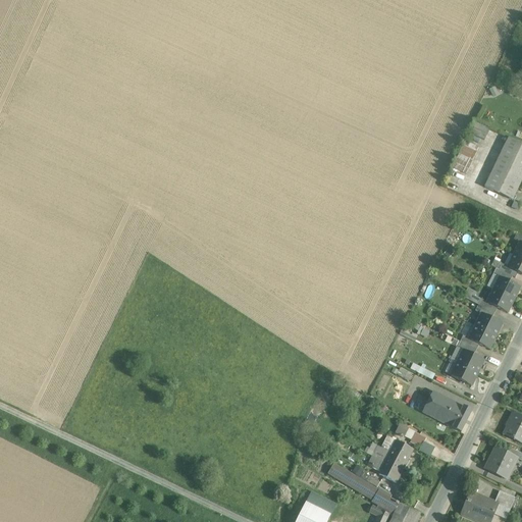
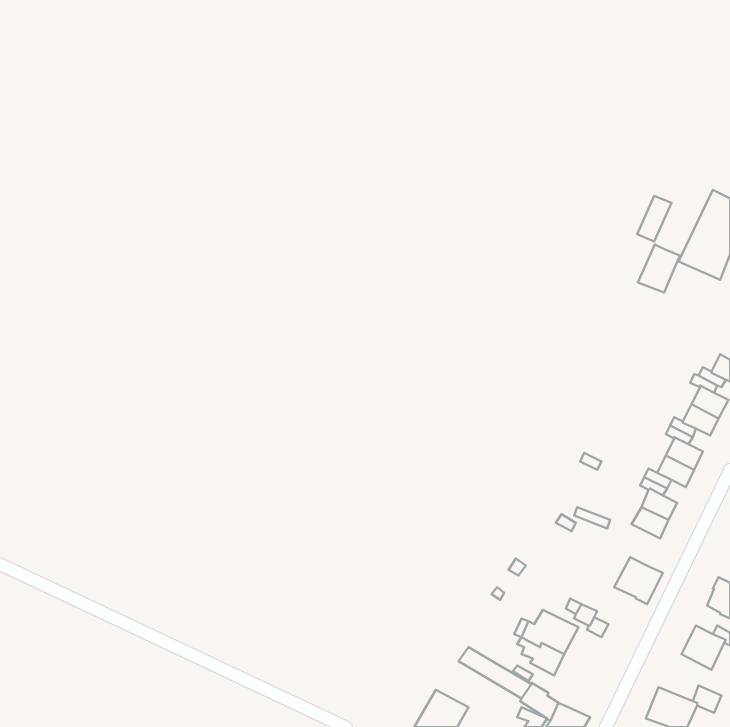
building: none -> [638,244,680,293]
building: [423,389,450,419] -> none

